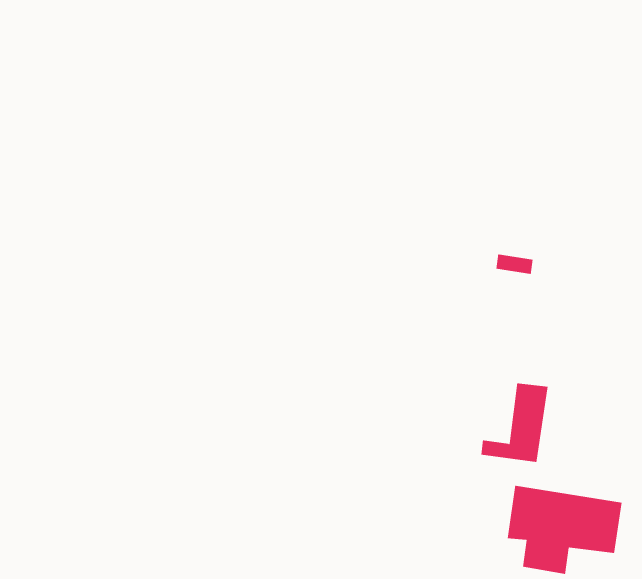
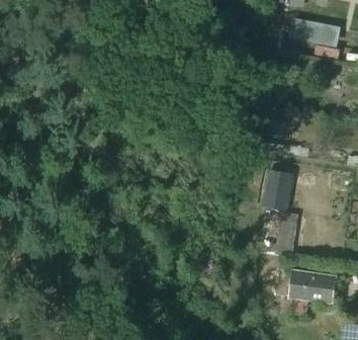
building: none -> [290,18,338,46]
building: none -> [263,171,292,210]

